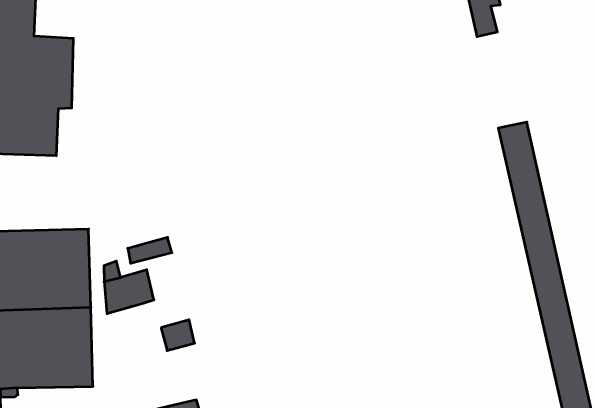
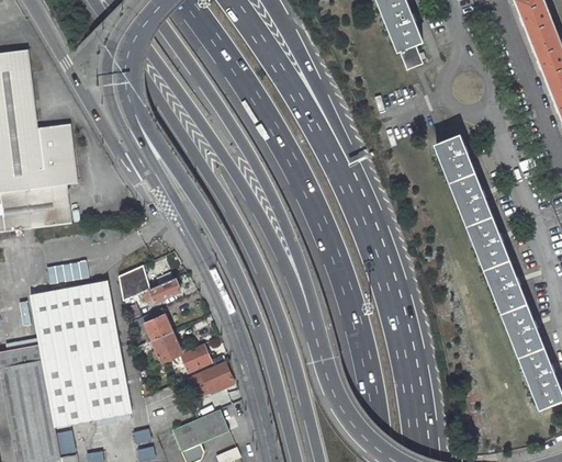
building: none -> [117,264,150,301]
building: none -> [153,331,181,363]
building: none -> [187,361,233,398]

